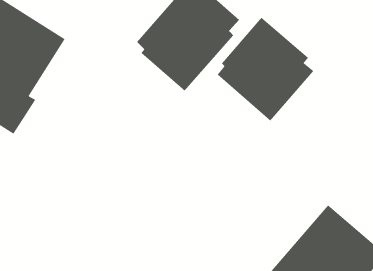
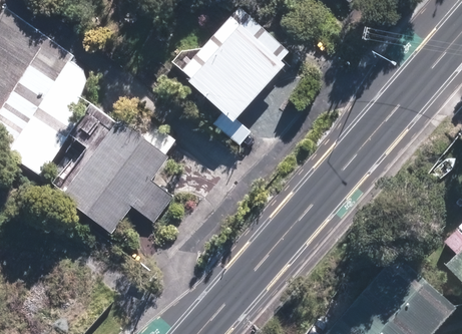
building: [217,17,314,122] -> none
building: none -> [55,105,171,235]

